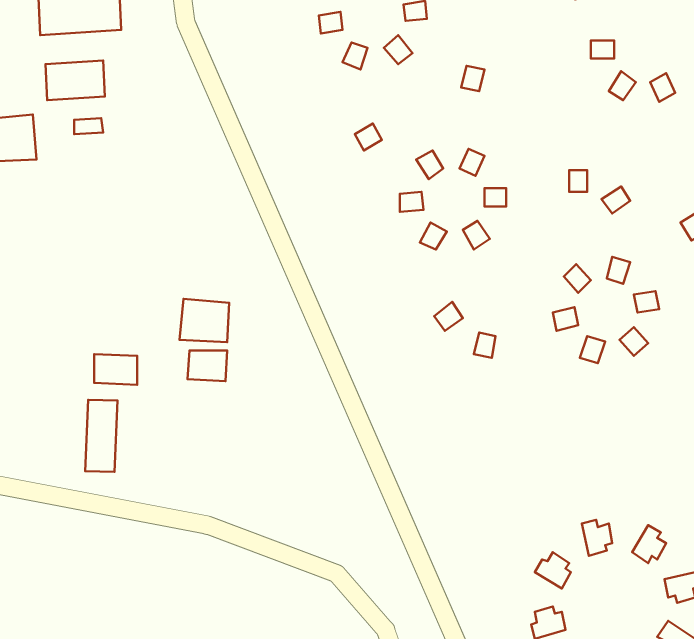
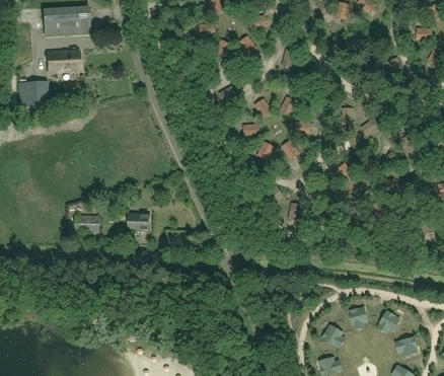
building: [180,299,229,342] -> none
building: [85,400,117,472] -> none

